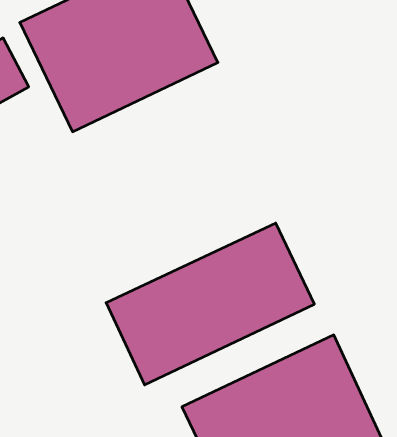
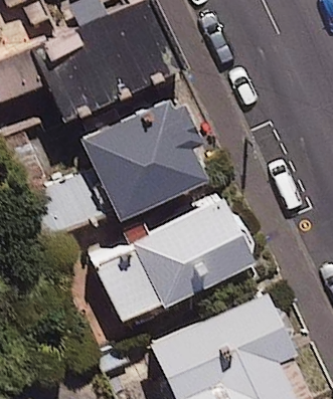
building: none -> [81,99,212,215]

